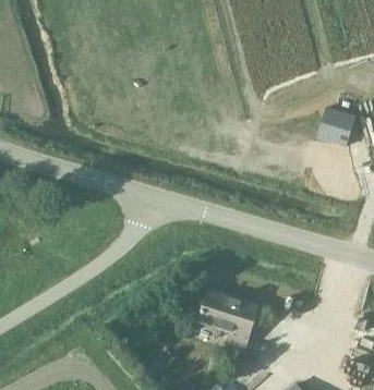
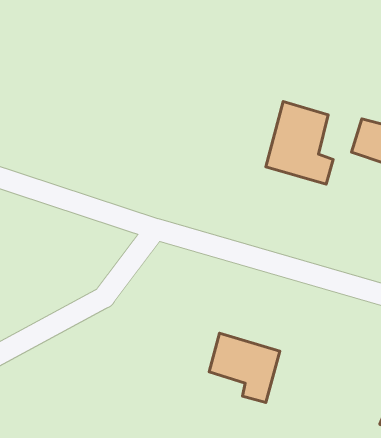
building: none -> [266,102,333,184]

